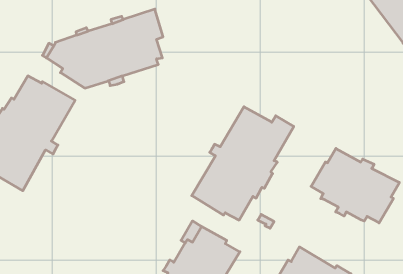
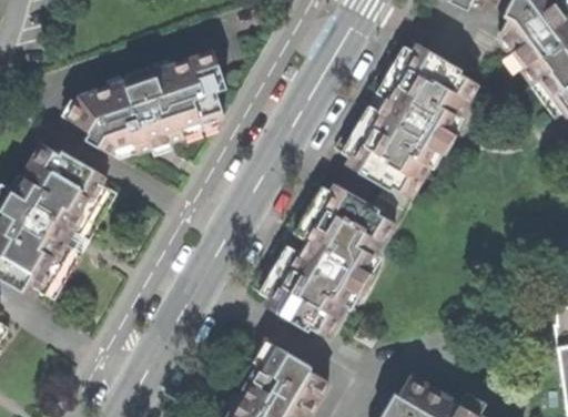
building: none -> [346,42,478,210]
building: [311,148,399,223] -> none

